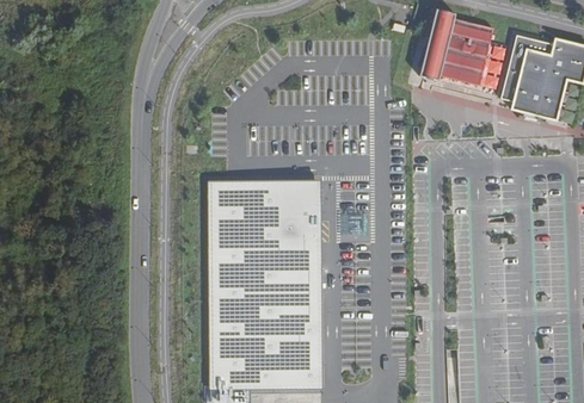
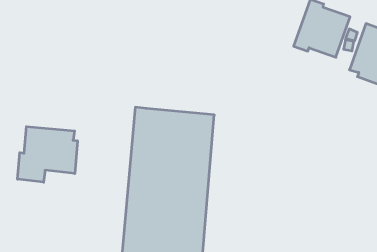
building: none -> [18,127,77,182]

